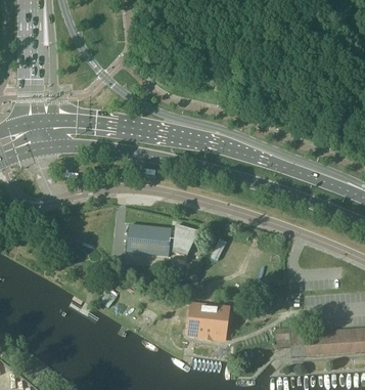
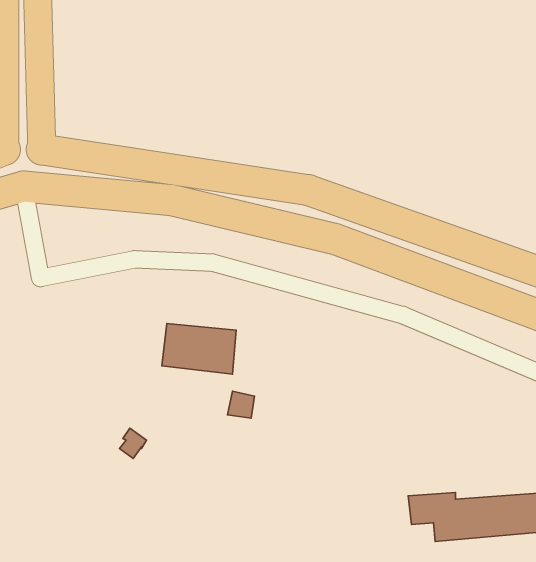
building: [172,224,197,256] -> none
building: [185,303,228,340] -> none

